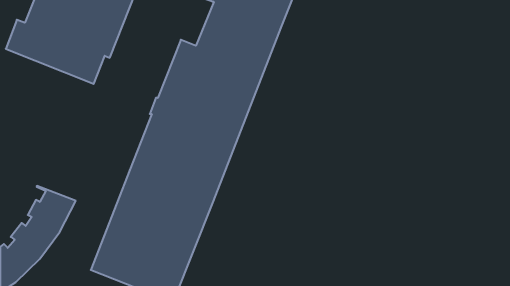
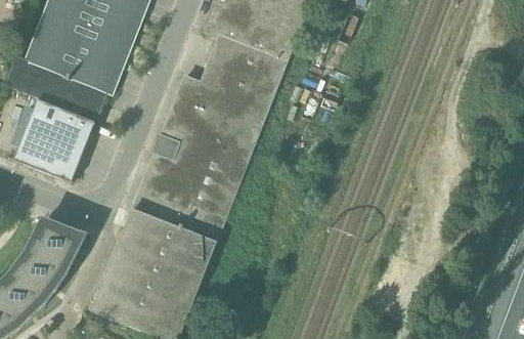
building: none -> [15,97,95,180]

